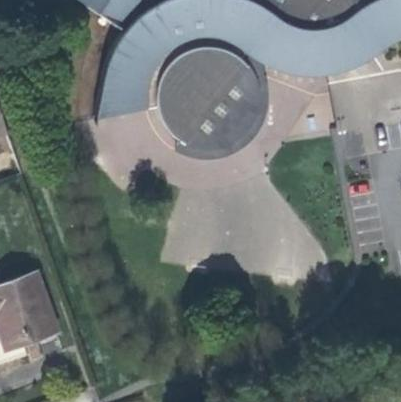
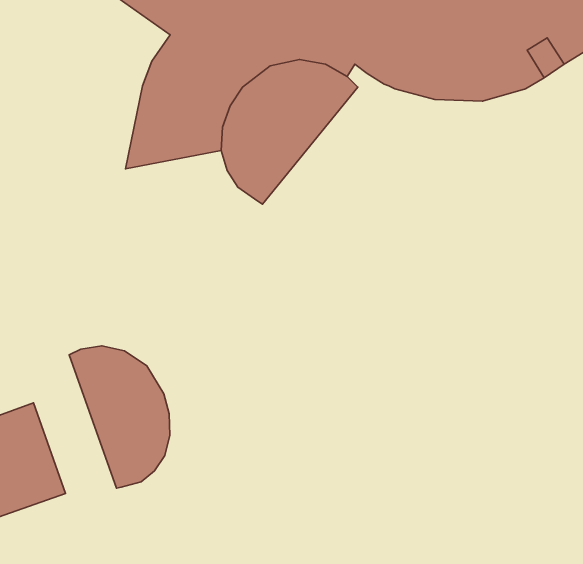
building: [175,51,269,159] -> none
building: none -> [69,346,170,488]

